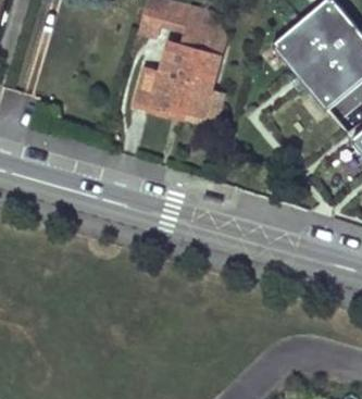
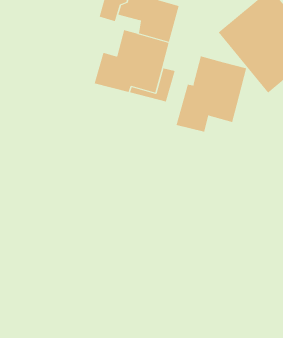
building: none -> [176,56,247,133]

